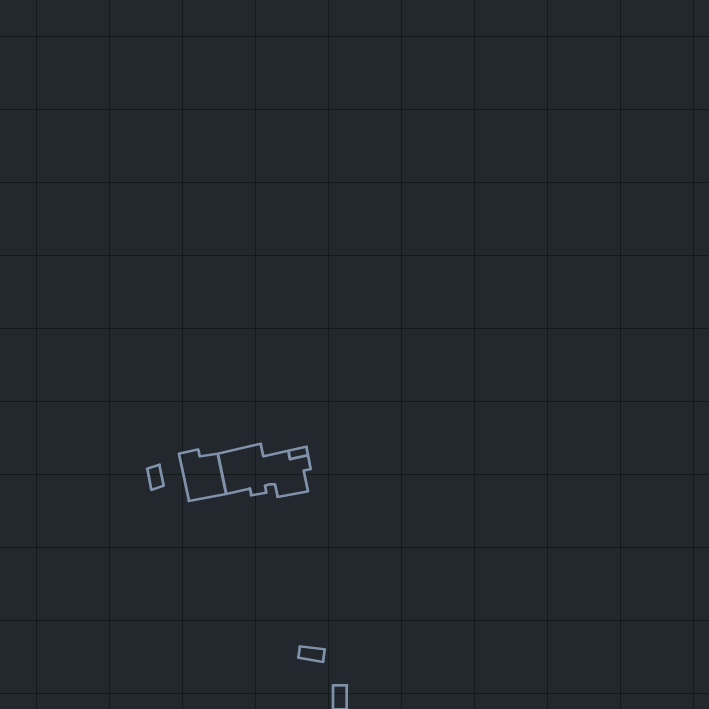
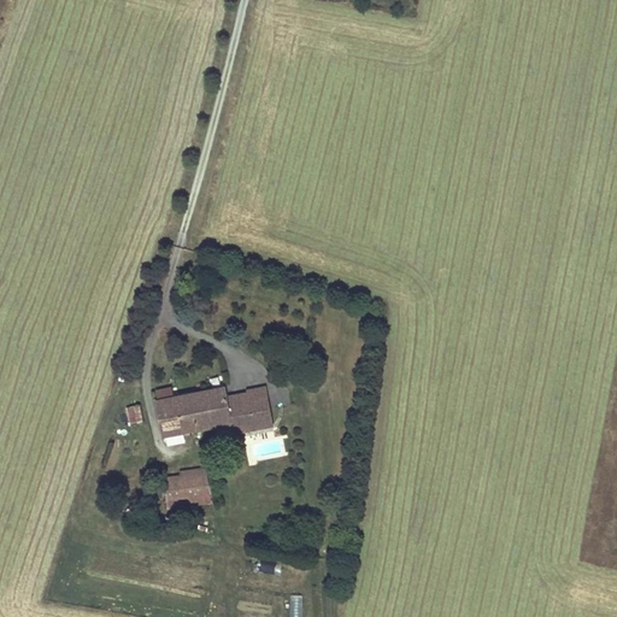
building: none -> [164,468,210,501]

